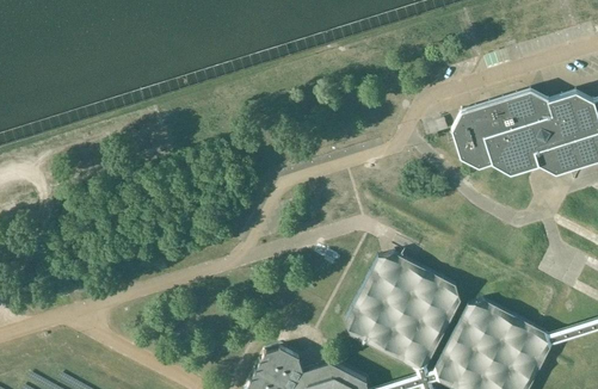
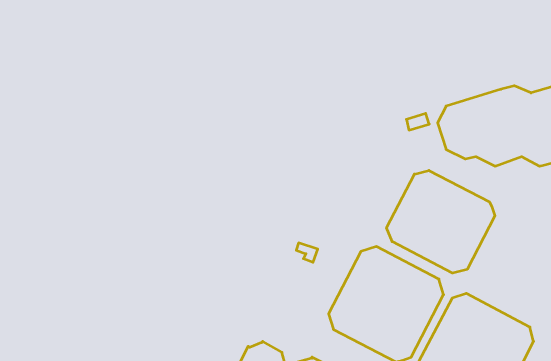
building: none -> [387,170,495,273]

